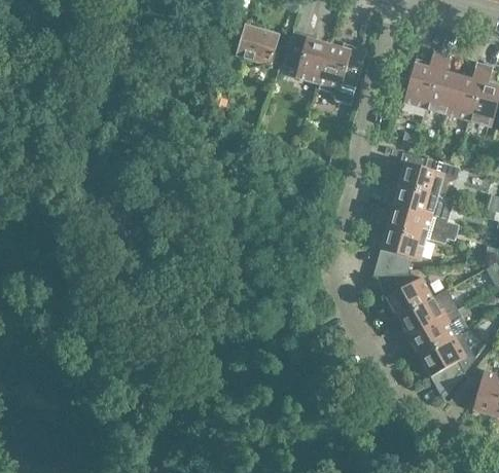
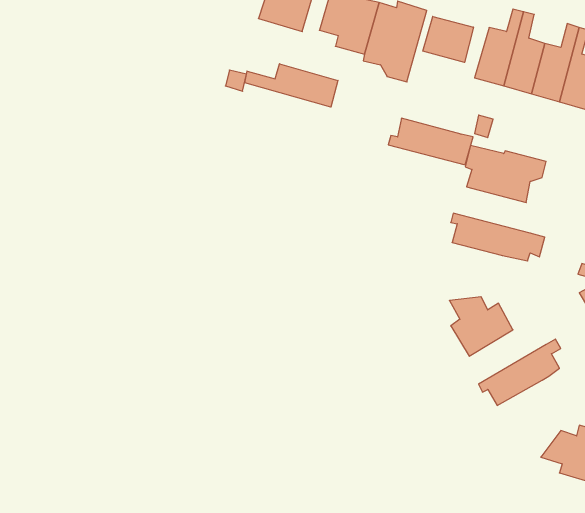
building: none -> [423,16,473,62]
building: none -> [245,64,338,107]
building: [387,186,453,222] -> [388,118,473,165]
building: [379,229,425,275] -> none
building: [399,290,459,339] -> none
building: [421,333,475,390] -> none

